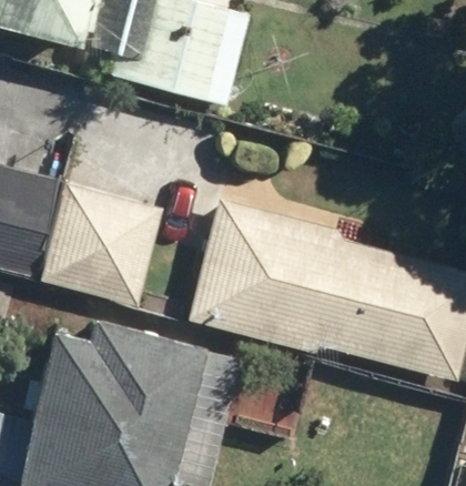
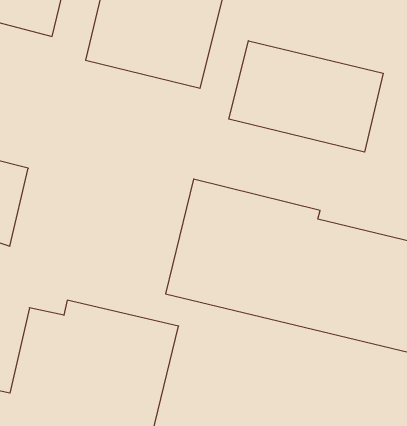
building: none -> [229,41,383,152]
building: [37,184,161,311] -> none

